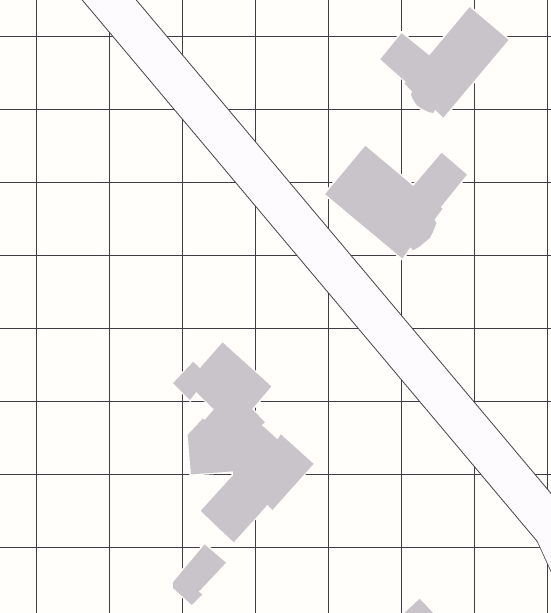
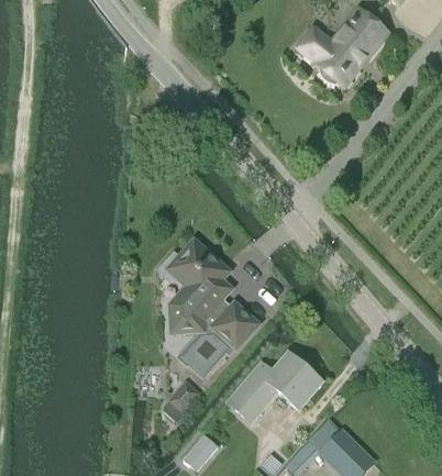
building: [324,144,468,260] -> none
building: none -> [228,355,320,421]

